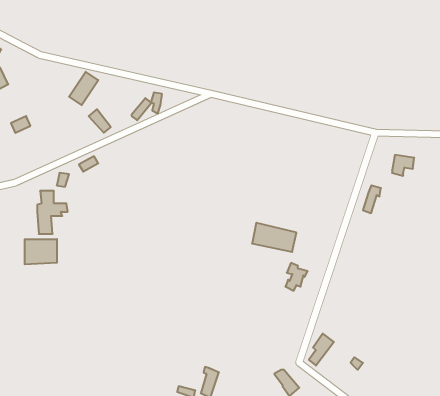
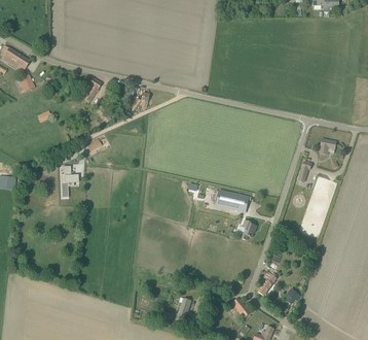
building: [25,239,57,264] -> none

